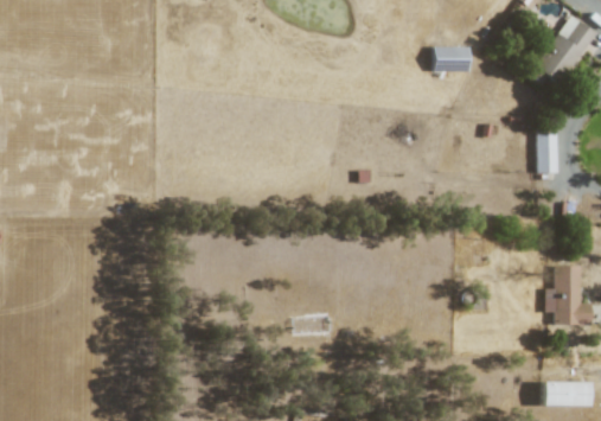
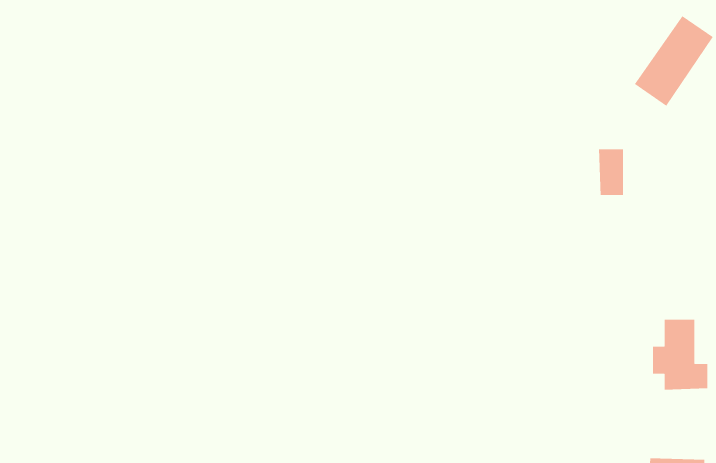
building: [435,46,469,71] -> none
building: [537,133,558,172] -> [598,149,624,196]

